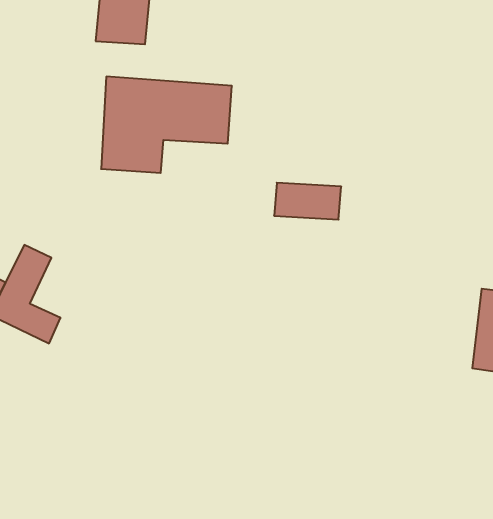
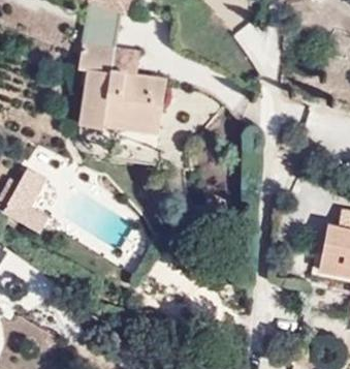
building: none -> [84,47,145,76]
building: [274,183,341,220] -> [121,112,164,137]

